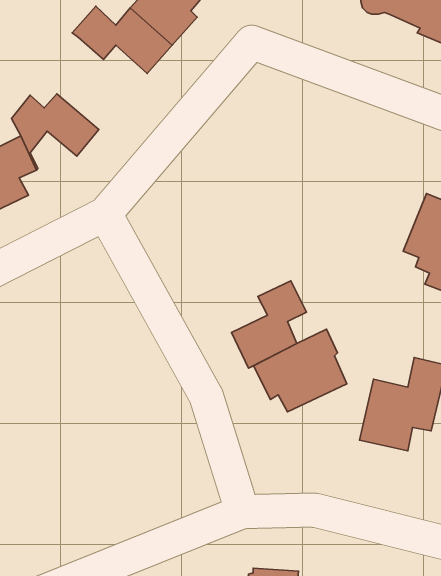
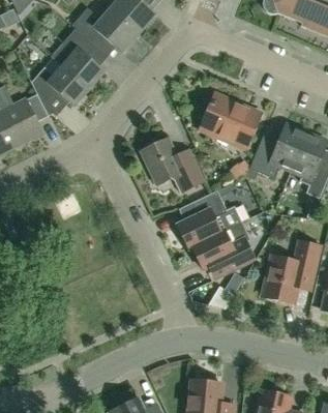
building: none -> [51,28,105,89]
building: none -> [200,93,261,147]
building: none -> [248,122,306,177]
building: none -> [142,138,205,191]

